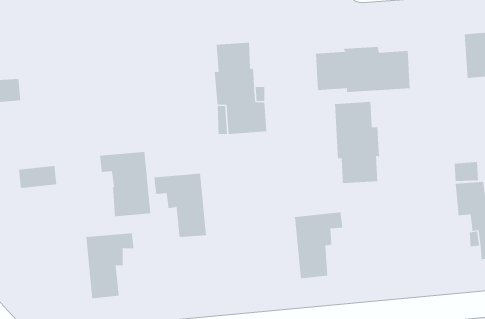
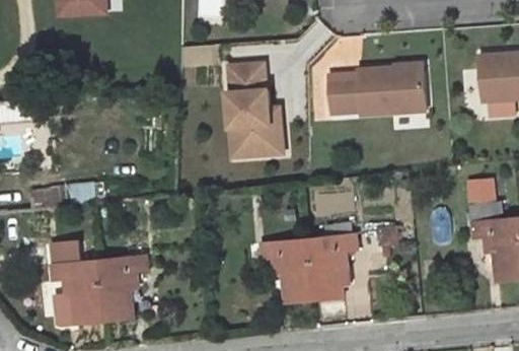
building: [335,101,380,184] -> none
building: [99,152,151,217] -> [51,259,103,325]
building: [154,173,207,237] -> [261,238,314,303]

